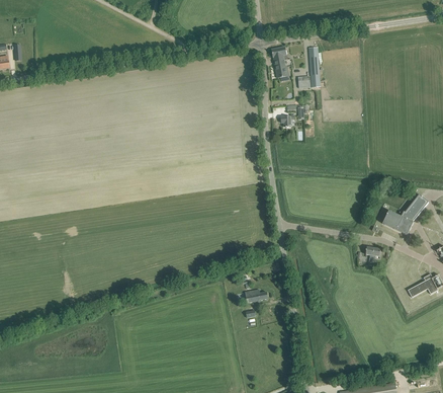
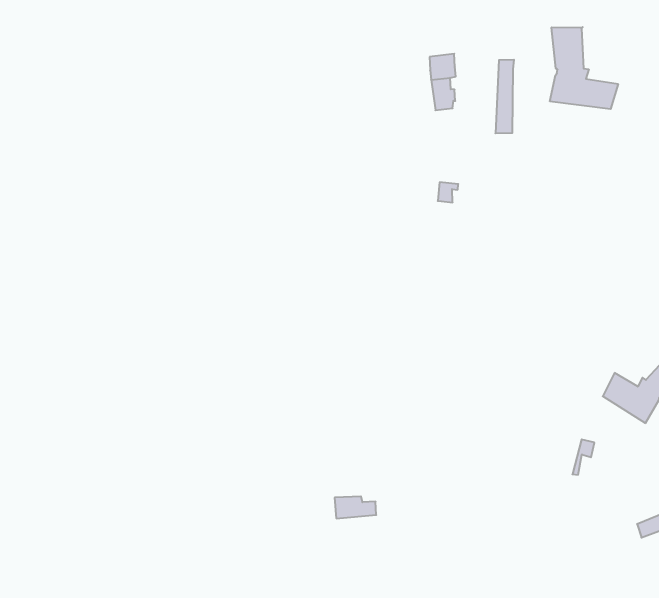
building: none -> [550,27,618,109]

